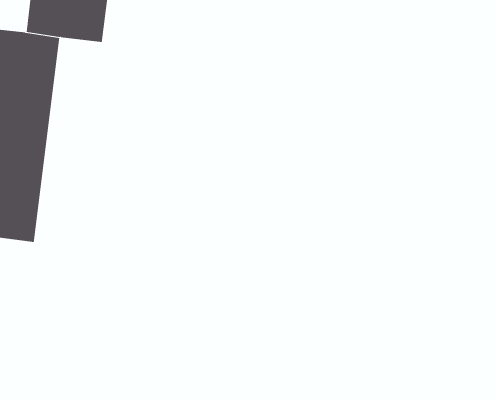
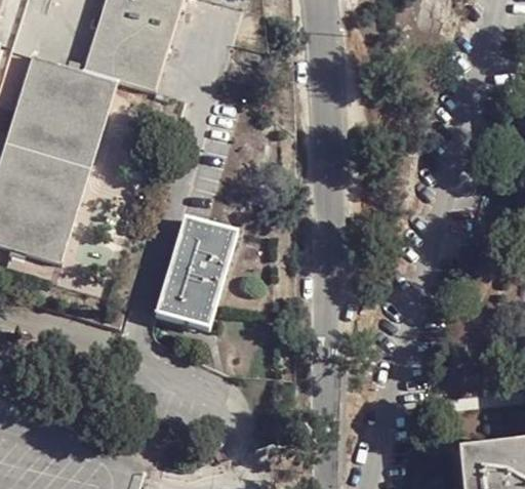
building: none -> [159,215,243,328]

